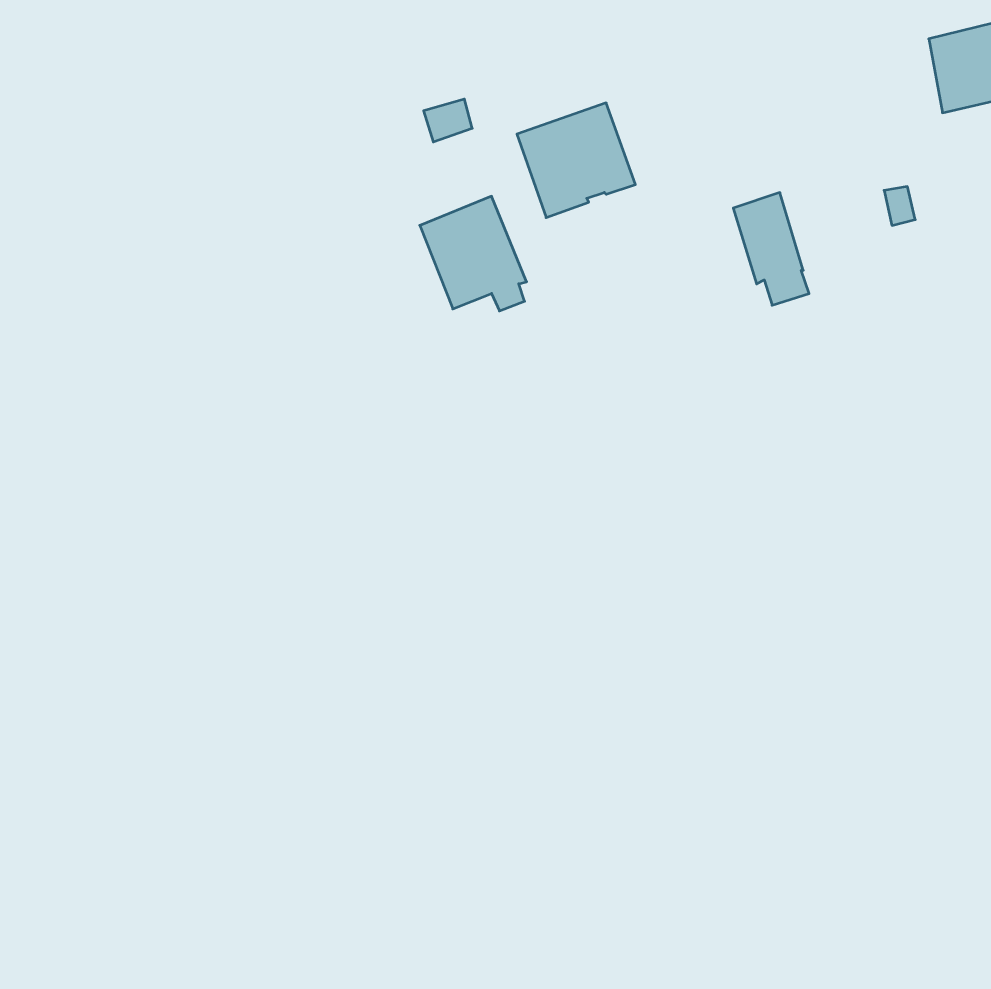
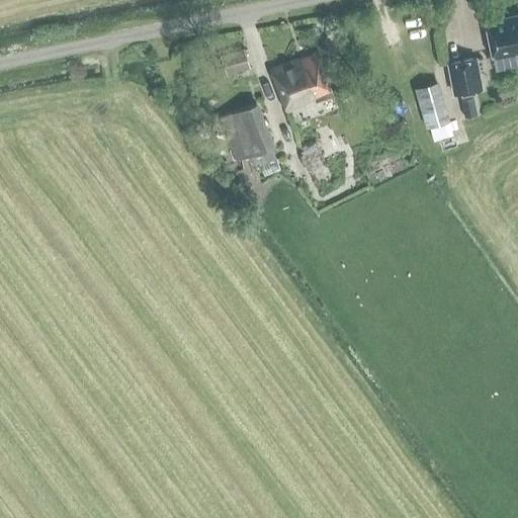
building: none -> [448,59,484,96]
building: [733,193,809,305] -> [415,83,454,142]

